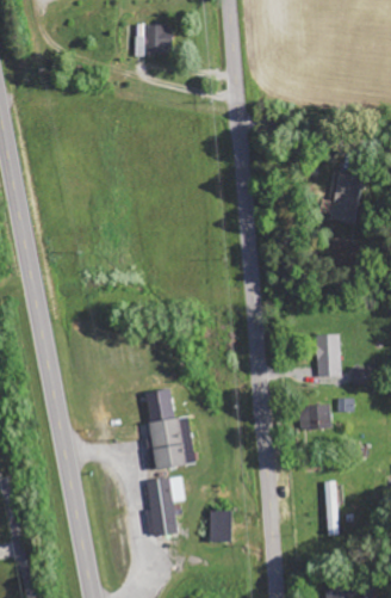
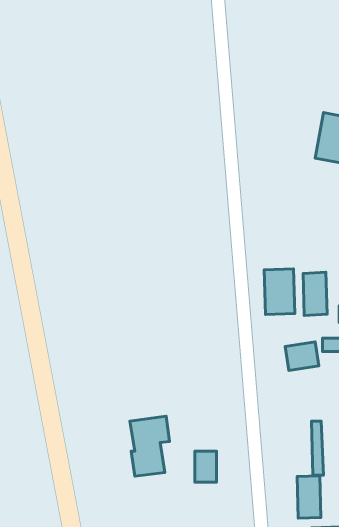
building: none -> [264,269,295,314]
building: [142,388,190,469] -> none
building: none -> [297,476,321,518]

